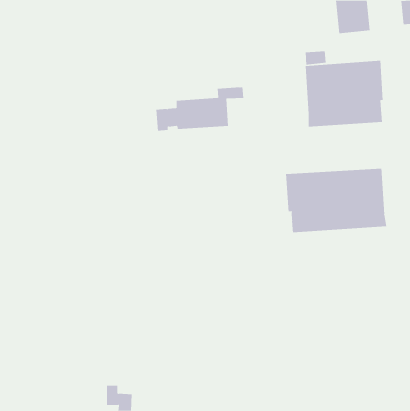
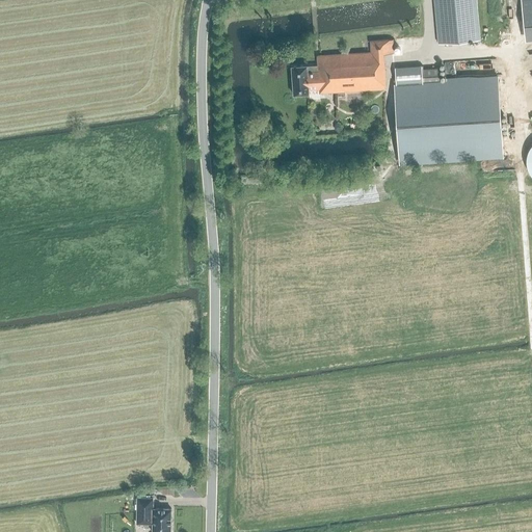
building: [156,87,244,131] -> [292,38,406,96]
building: [286,168,387,233] -> none

